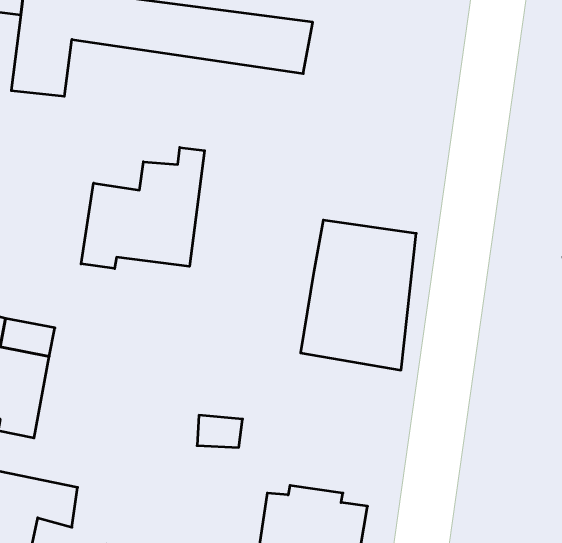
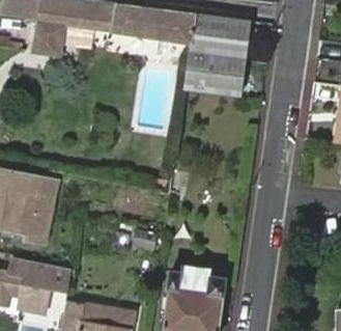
building: [81,147,205,269] -> none
building: [301,220,416,370] -> [184,15,248,96]

